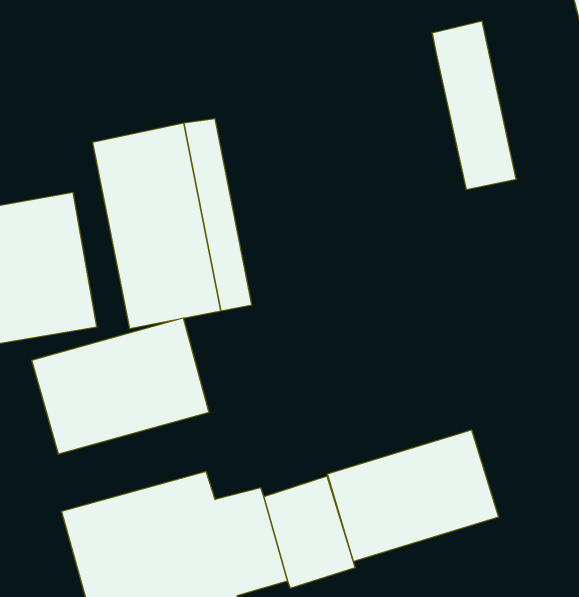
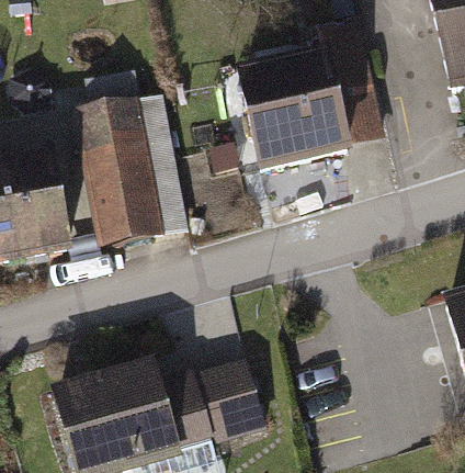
building: none -> [236,44,351,171]
building: [32,318,209,454] -> none
building: [328,430,498,562] -> none

